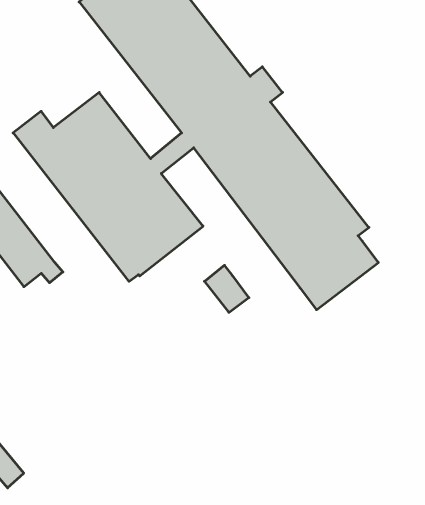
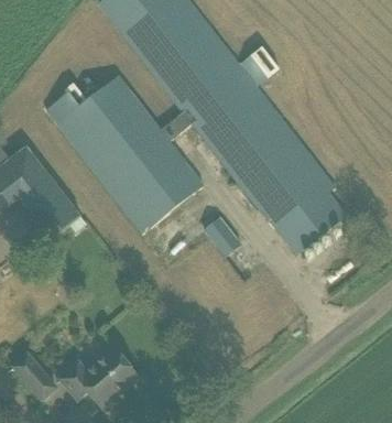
building: none -> [59,346,139,408]

